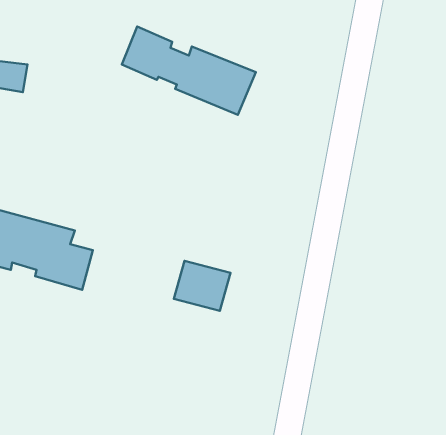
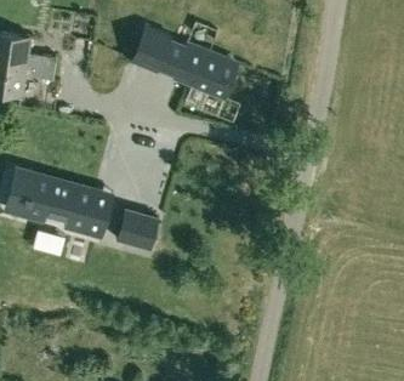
building: [174,261,230,311] -> [114,210,159,250]

